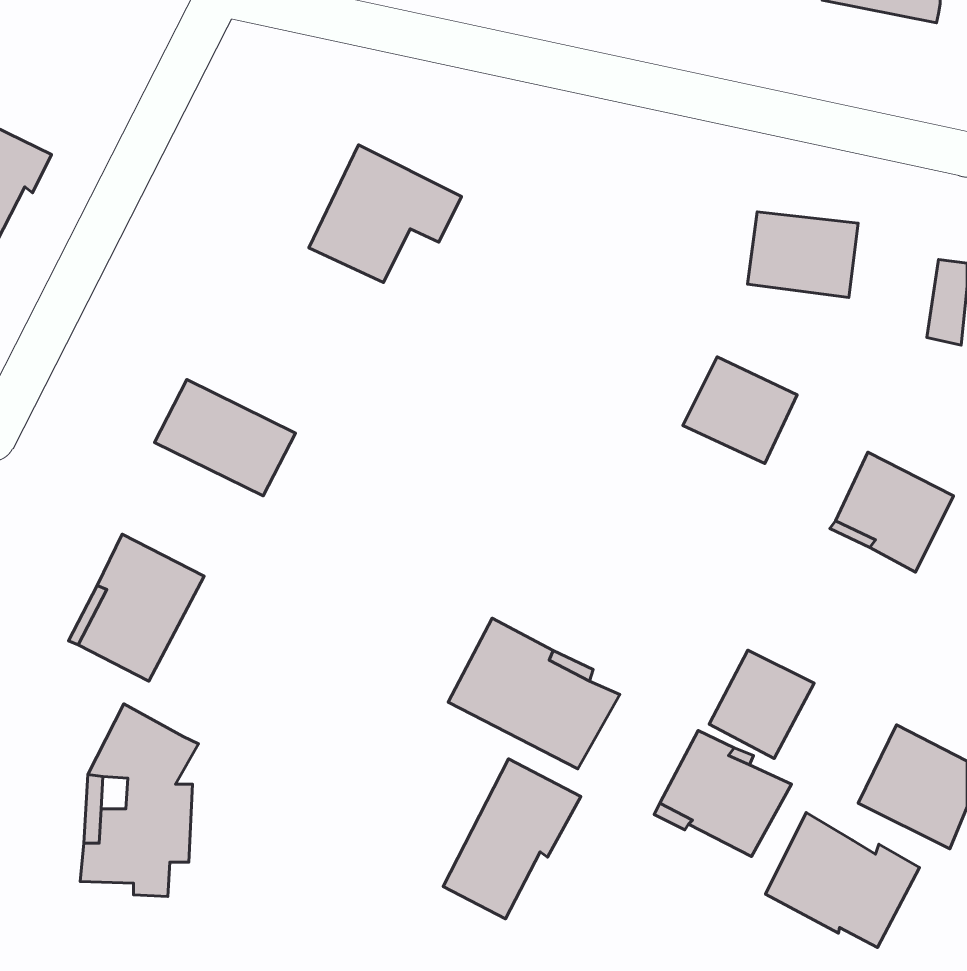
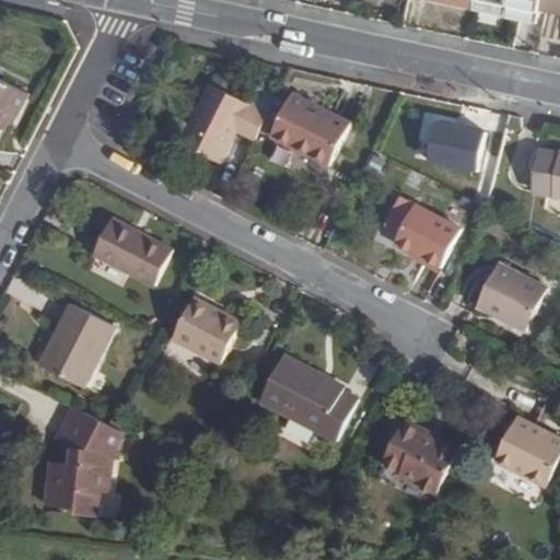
building: none -> [268,96,348,166]
building: none -> [171,296,238,361]
building: [709,650,814,758] -> none
building: [443,759,581,919] -> none
building: [766,813,919,947] -> none

